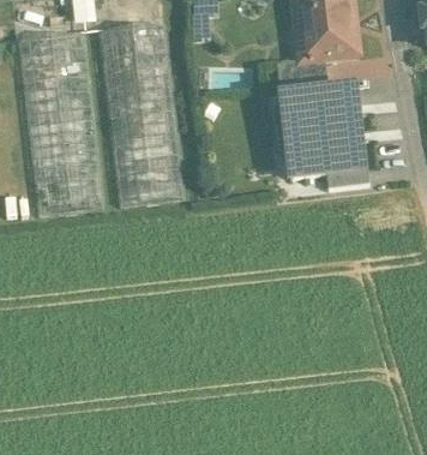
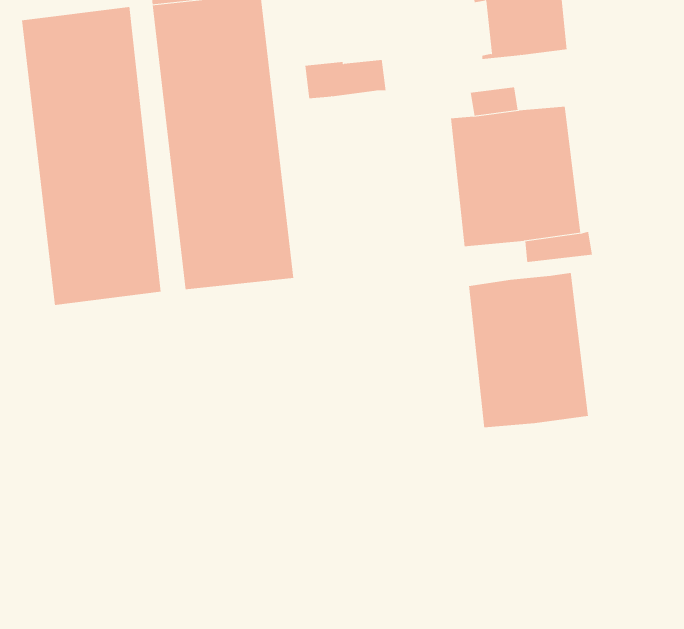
building: [277,59,327,83] -> [304,60,386,99]
building: none -> [469,272,589,428]

